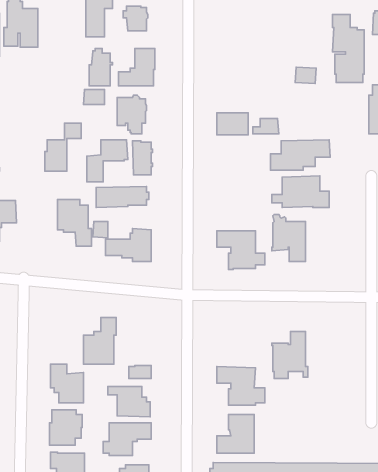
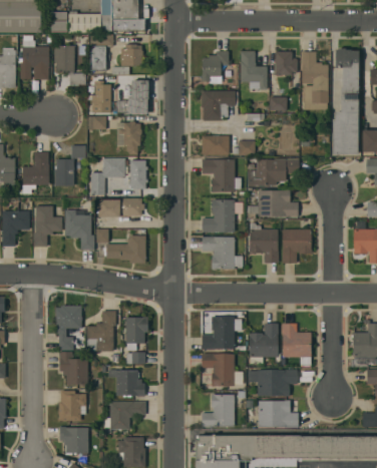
building: none -> [54,45,85,85]
building: none -> [240,50,267,89]
building: none -> [274,50,297,74]
building: none -> [201,51,228,83]
building: none -> [201,90,238,120]
building: none -> [22,151,48,193]
building: none -> [202,158,241,191]
building: none -> [202,198,243,231]
building: none -> [33,205,62,246]
building: none -> [282,228,312,263]
building: none -> [55,306,82,350]
building: none -> [125,316,148,350]
building: none -> [202,317,242,349]
building: none -> [282,323,311,364]
building: none -> [248,369,297,396]
building: none -> [258,400,298,427]

